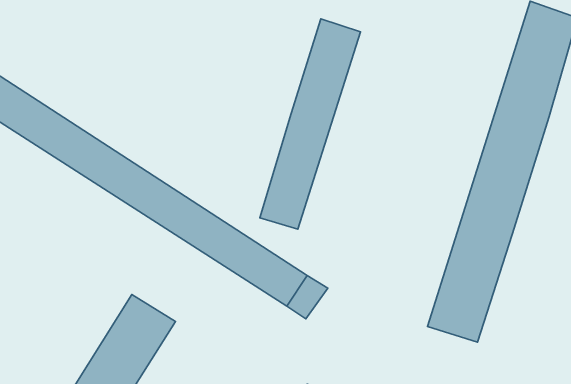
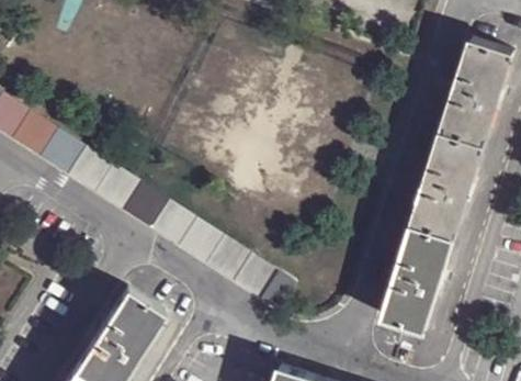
building: [260,19,360,229] -> none

